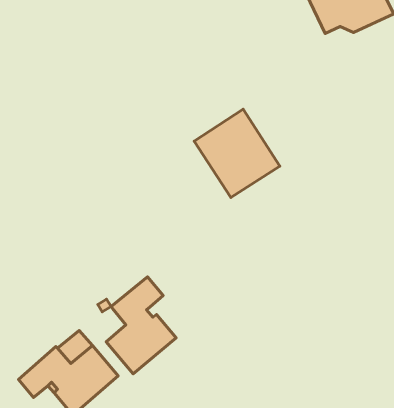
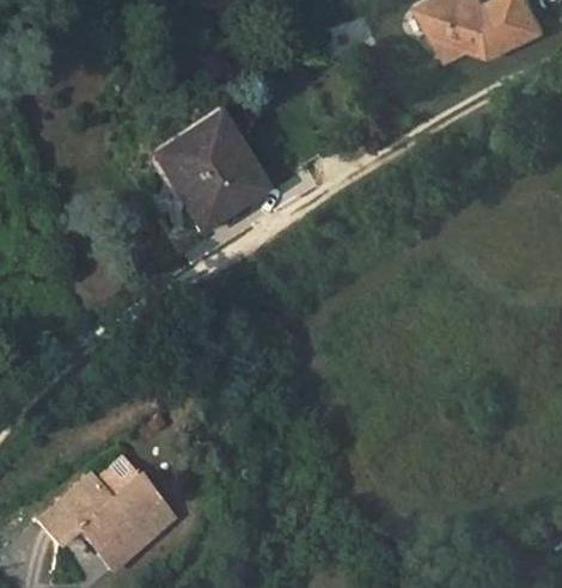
building: [194,109,280,197] -> [152,111,267,229]
building: [106,277,176,374] -> none

